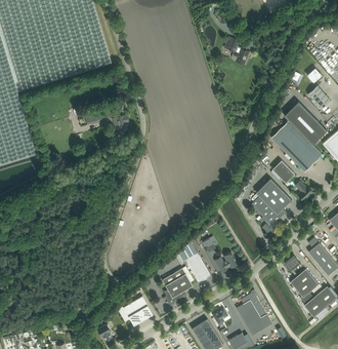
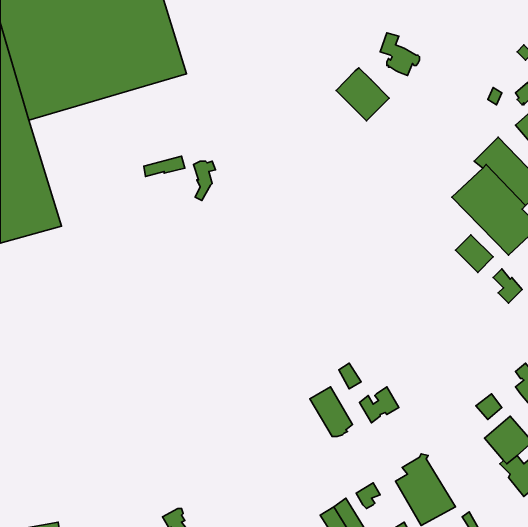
building: none -> [336,68,389,121]
building: [251,179,291,233] -> none
building: [162,268,193,303] -> none
building: [119,297,153,325] -> none

